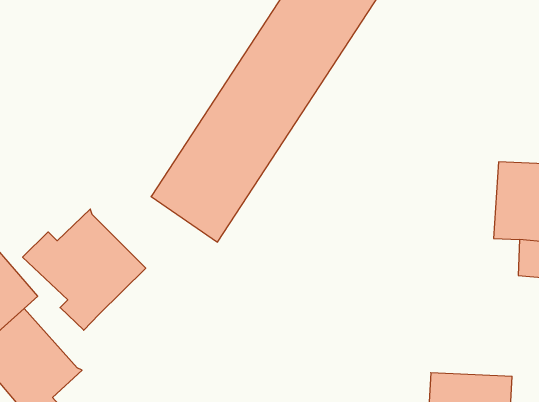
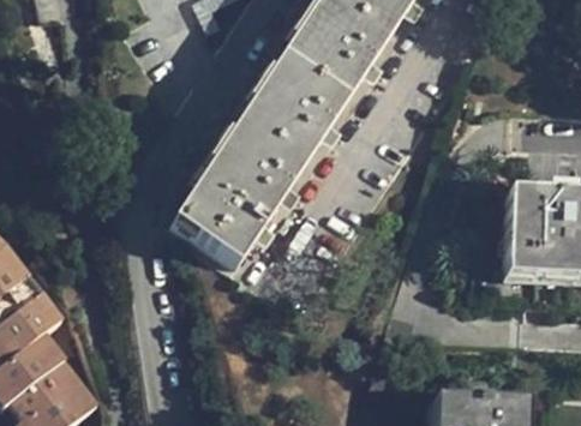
building: [23,209,146,330] -> none

